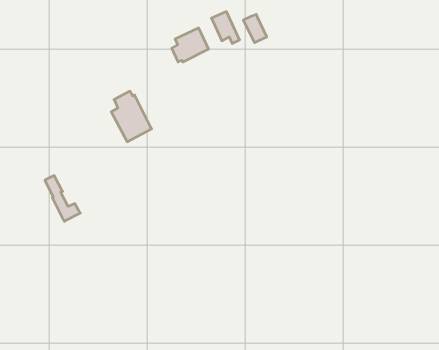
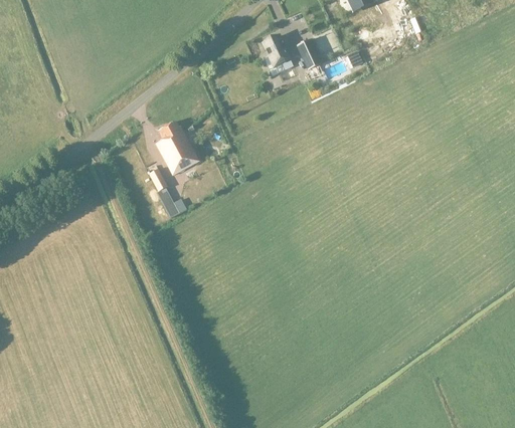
building: [172,28,208,62] -> none
building: [45,176,80,221] -> [150,169,188,218]

